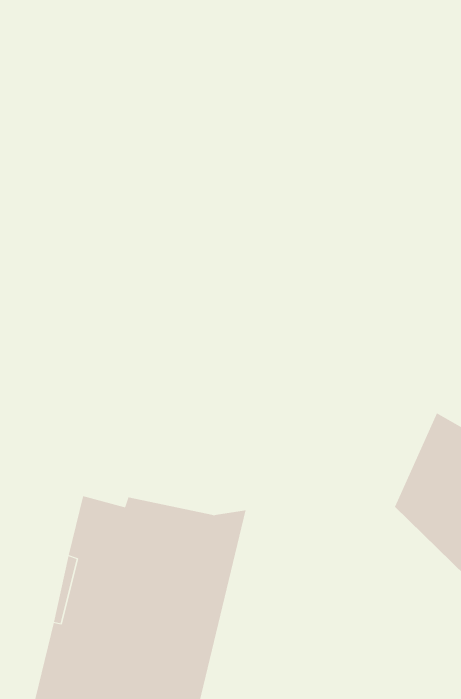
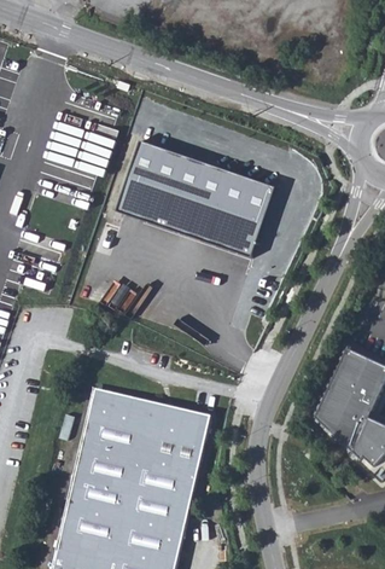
building: none -> [121,141,281,256]
building: none -> [88,389,210,419]

